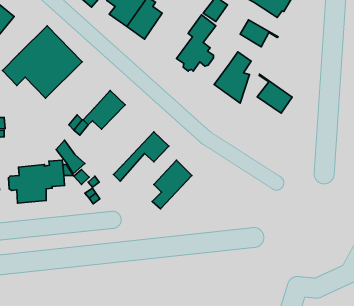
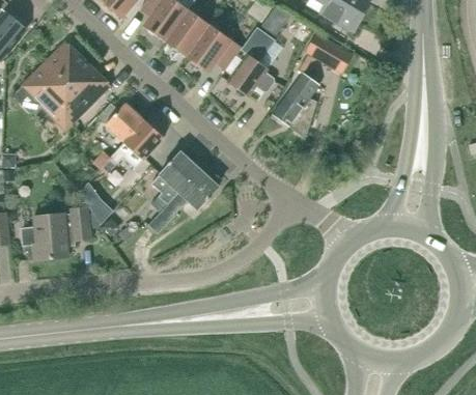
building: none -> [187,20,242,73]
building: [257,74,292,113] -> none
building: none -> [106,103,144,142]
building: [152,160,192,209] -> [149,152,198,213]

